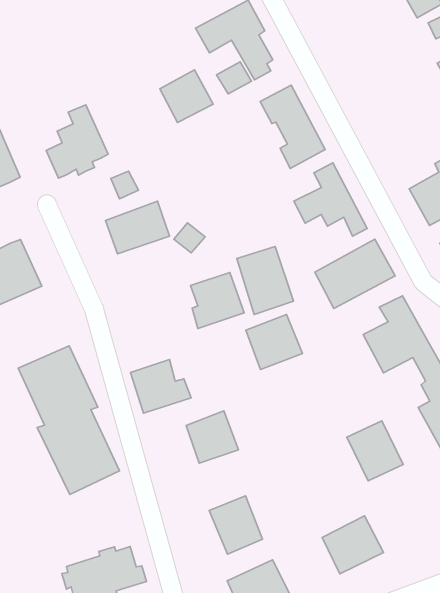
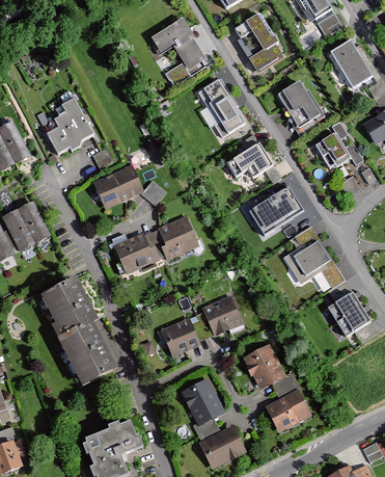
building: none -> [242,16,281,73]
building: [160,70,213,122] -> none
building: none -> [275,80,319,129]
building: [237,246,294,314] -> none
building: [246,314,303,369] -> [201,295,244,337]
building: [130,360,191,413] -> [114,233,160,273]
building: [347,421,403,481] -> [244,345,286,390]

